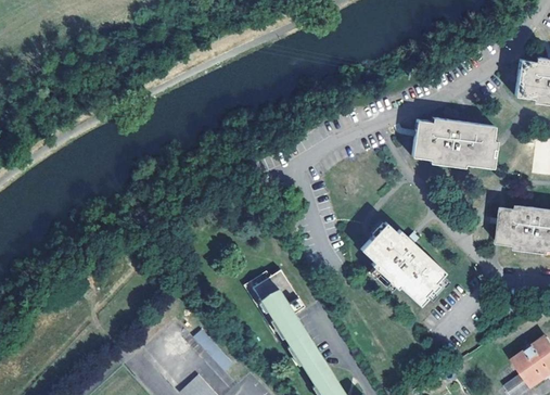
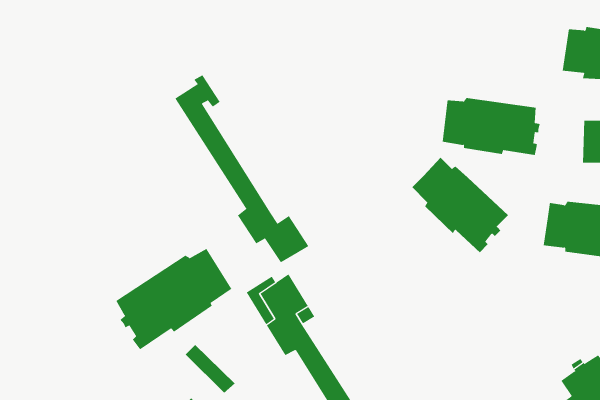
building: none -> [175,75,309,263]
building: [361,222,445,305] -> [411,157,509,253]
building: none -> [116,248,232,350]

